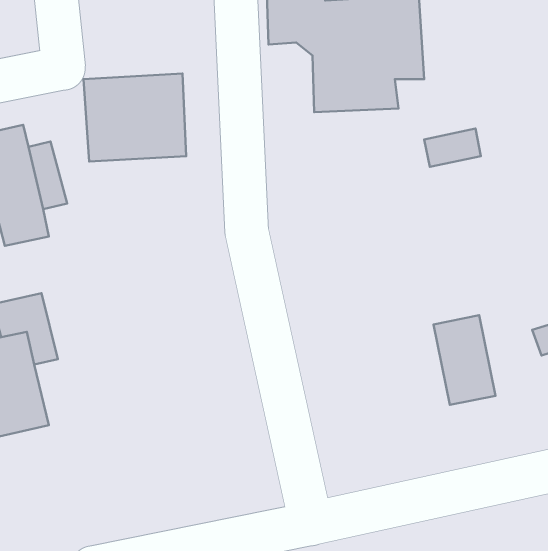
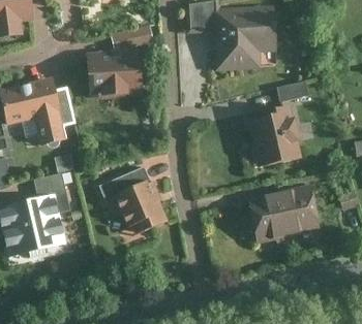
building: none -> [111,24,153,48]
building: none -> [248,106,301,166]
building: none -> [97,164,170,238]
building: none -> [247,190,291,242]

